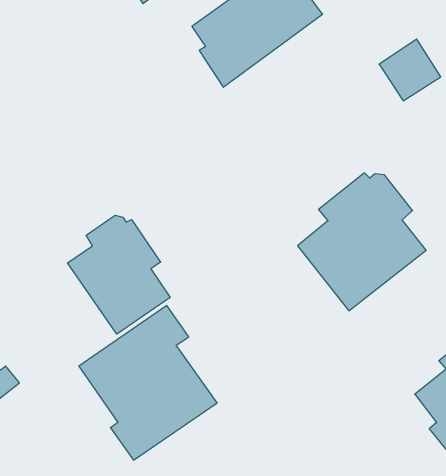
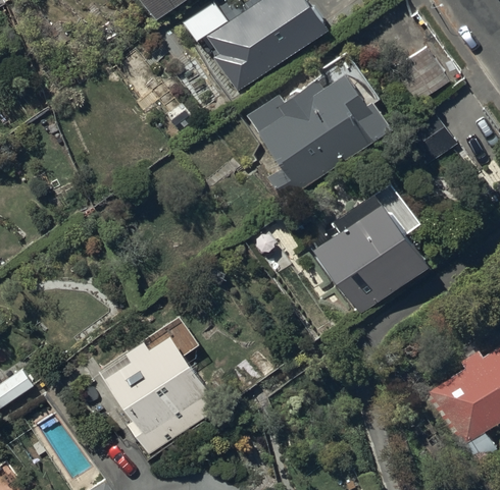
building: none -> [240,50,393,211]
building: [68,215,170,334] -> none

